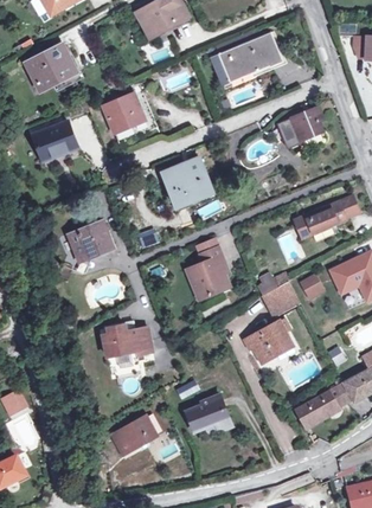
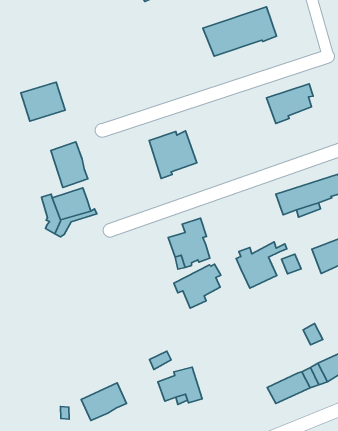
building: [25,45,75,90] -> none
building: [102,89,153,130] -> none
building: none -> [51,142,88,187]
building: [244,319,290,364] -> [174,264,221,308]
building: [102,323,152,355] -> none

